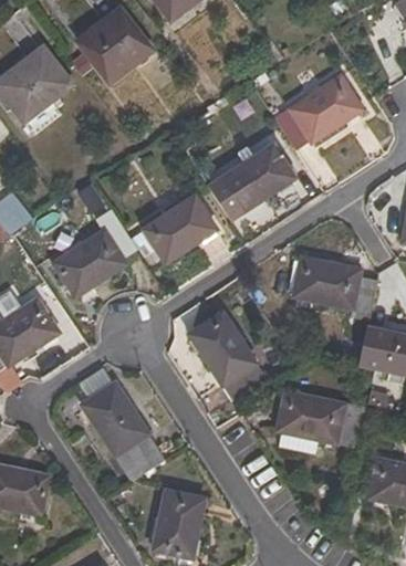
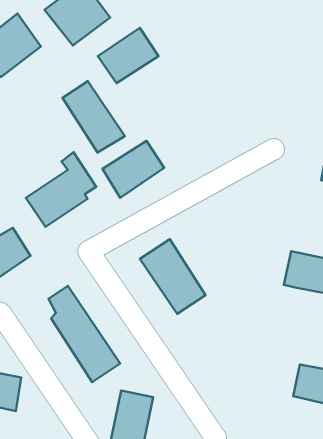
building: [274,74,363,148] -> none
building: none -> [62,81,125,153]
building: [222,144,294,209] -> [98,28,159,83]
building: [293,256,376,318] -> none
building: [277,389,366,453] -> none

